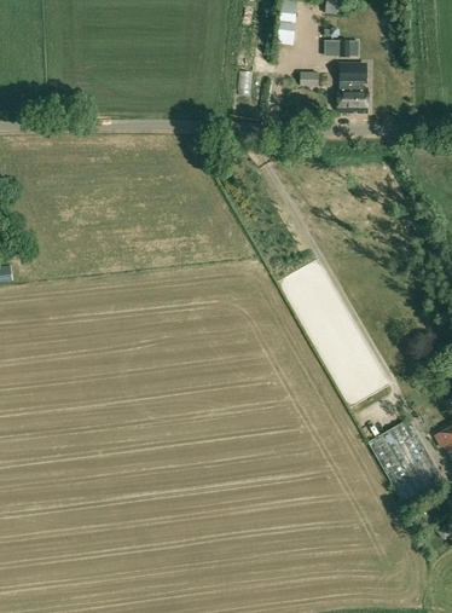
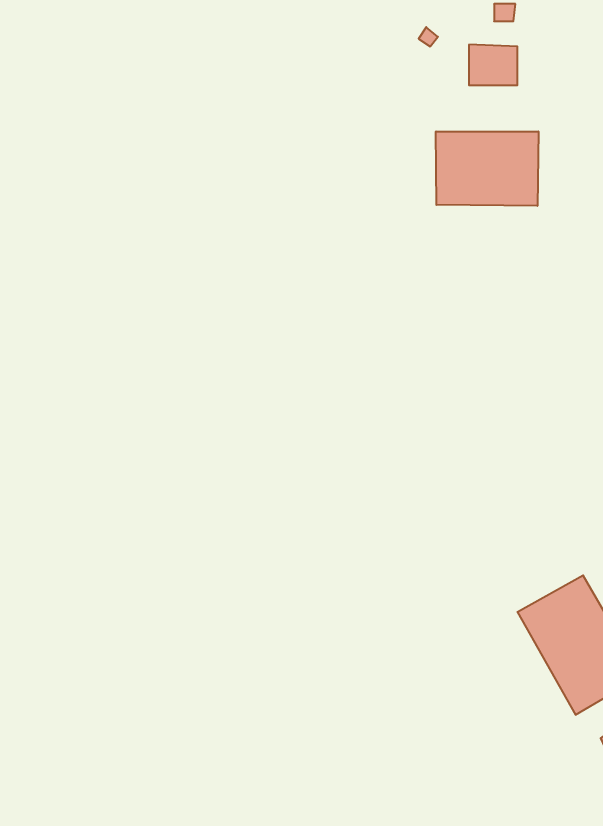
building: none -> [436,131,538,206]

